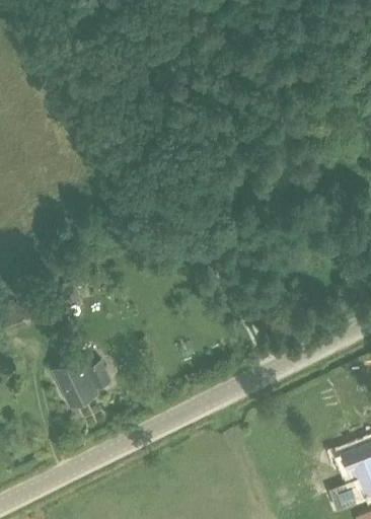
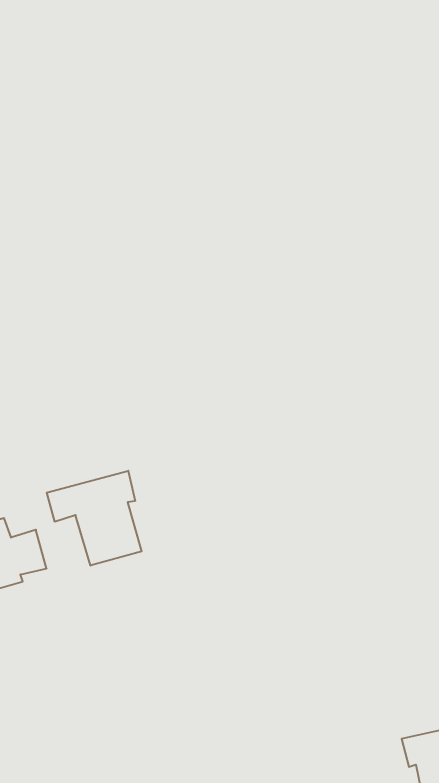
building: none -> [47,471,142,566]

